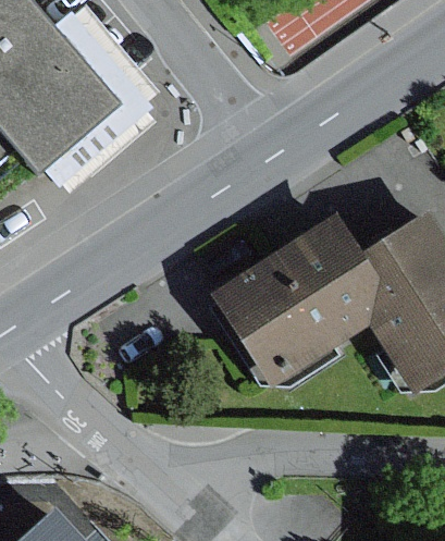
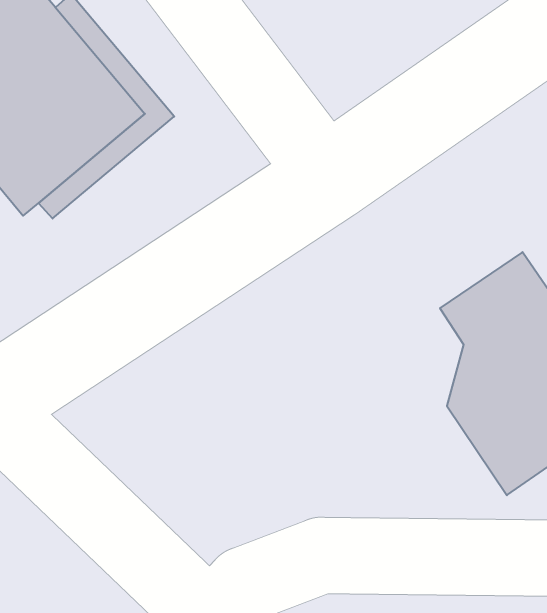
building: [206,214,374,389] -> none

